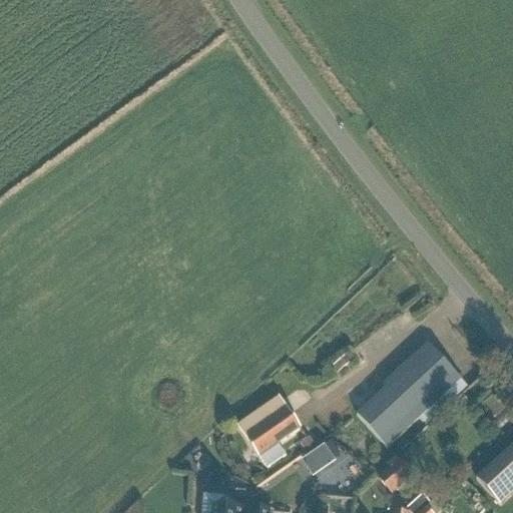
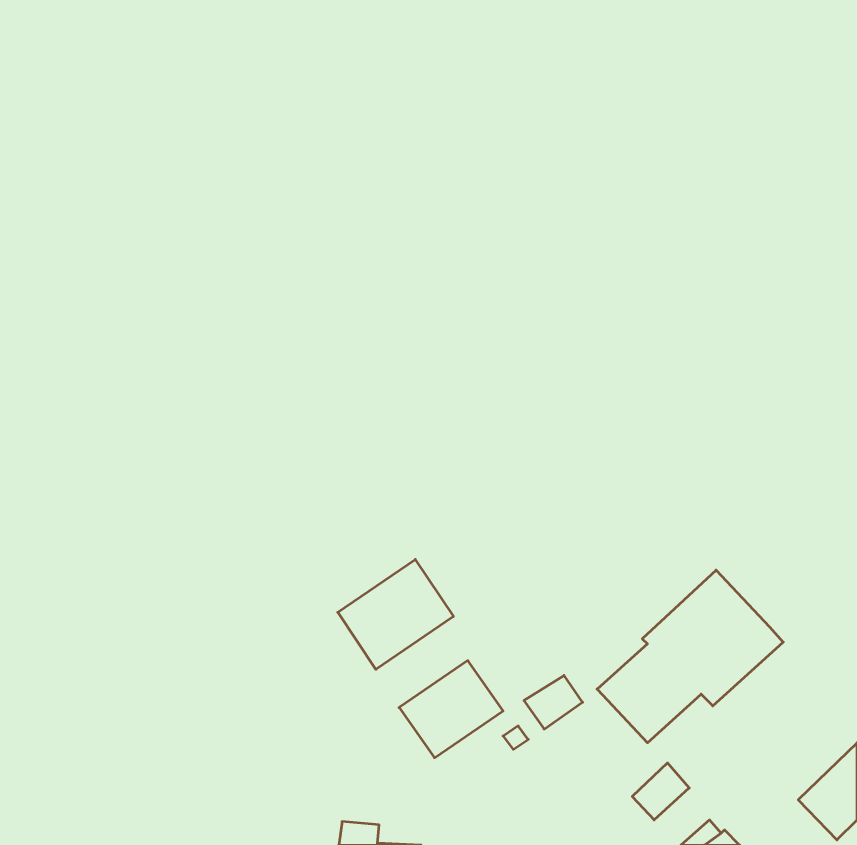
building: none -> [338,559,453,669]
building: [302,442,337,474] -> [524,675,583,729]

